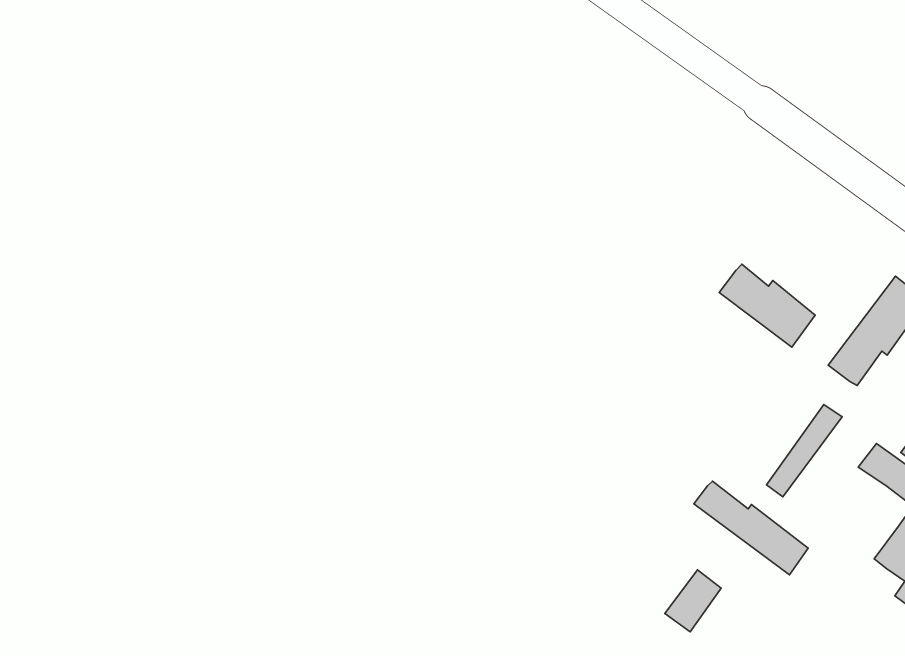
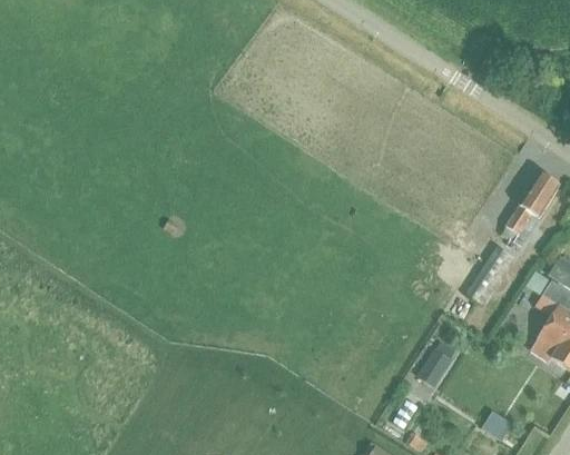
building: [719,264,815,347] -> none
building: [694,481,808,575] -> none

